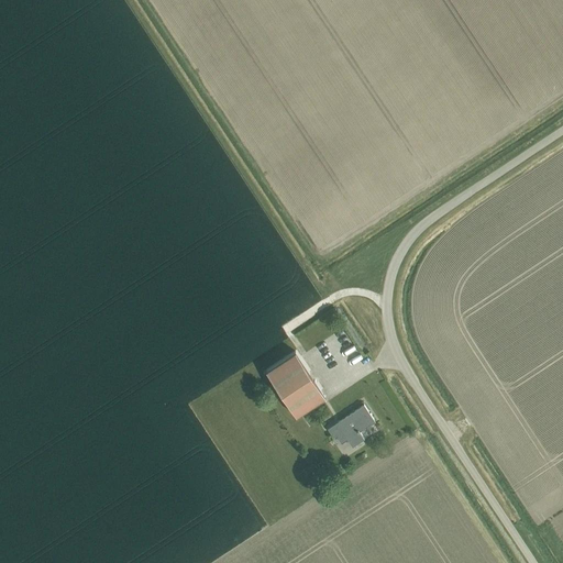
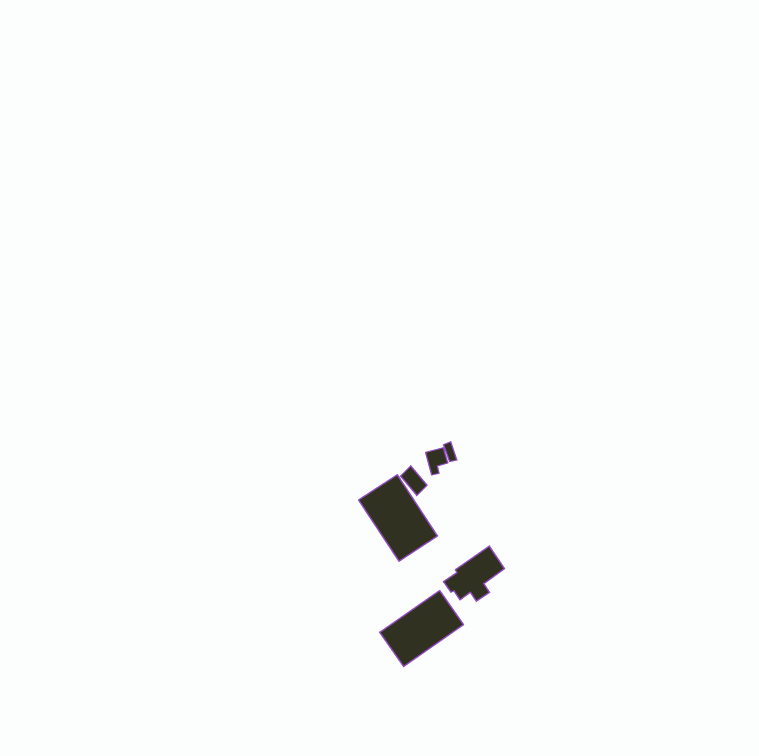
building: none -> [380,591,463,667]

